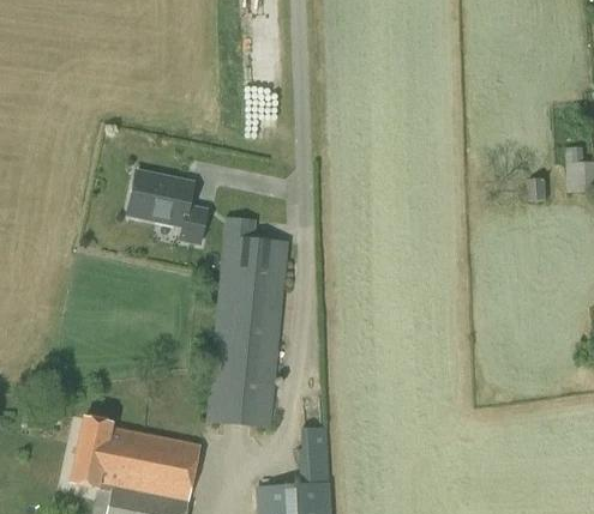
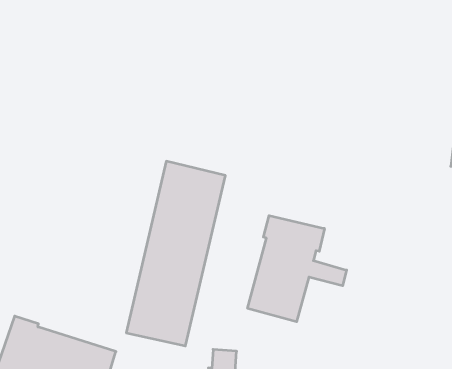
building: [126,171,206,242] -> none
building: none -> [248,216,347,322]

